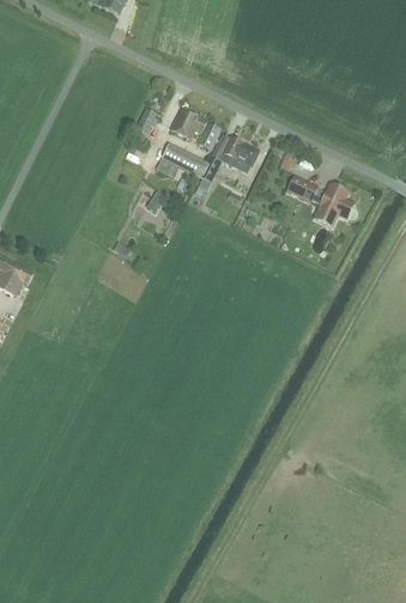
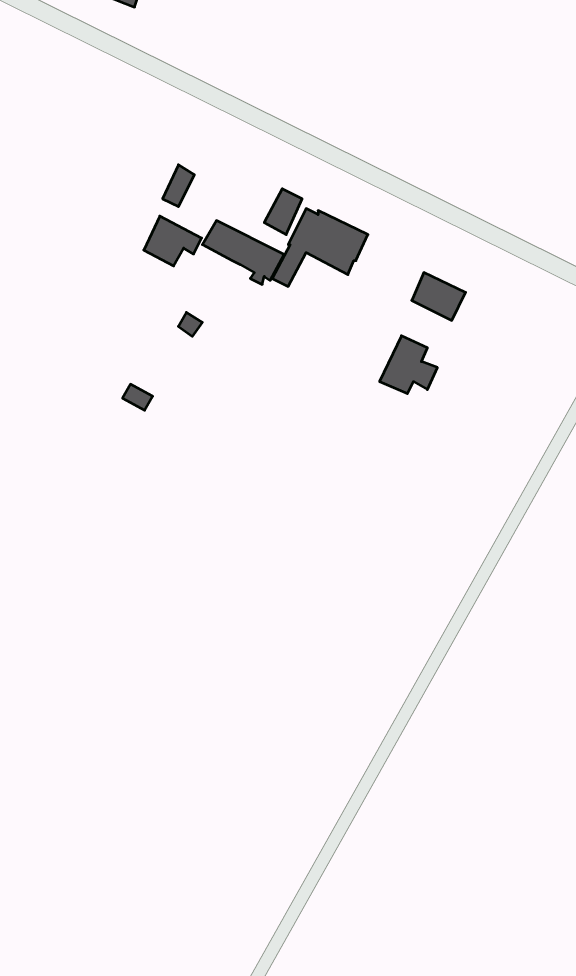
building: [171,108,206,138] -> [144,216,202,266]
building: [317,183,352,218] -> [380,336,437,394]

